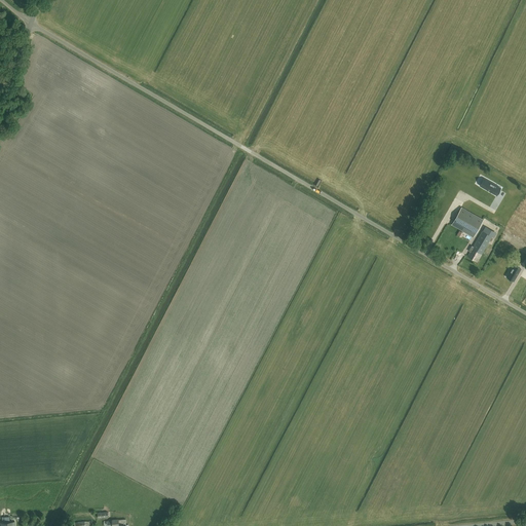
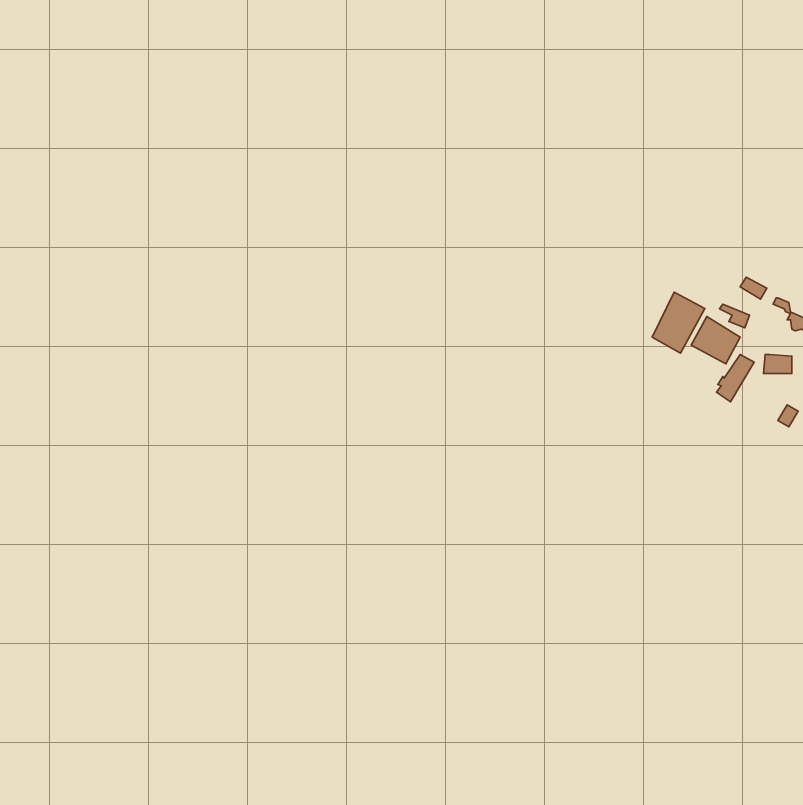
building: none -> [652,292,705,353]

